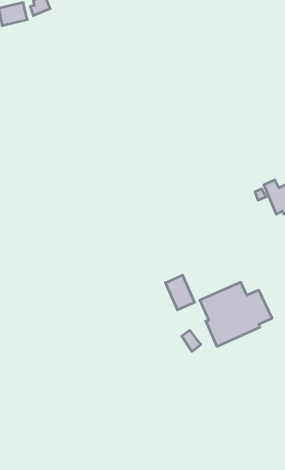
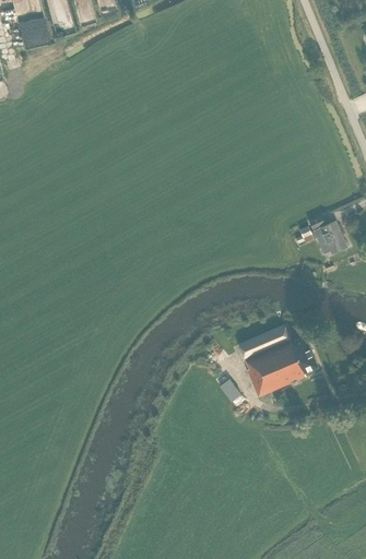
building: [165,275,194,310] -> none

